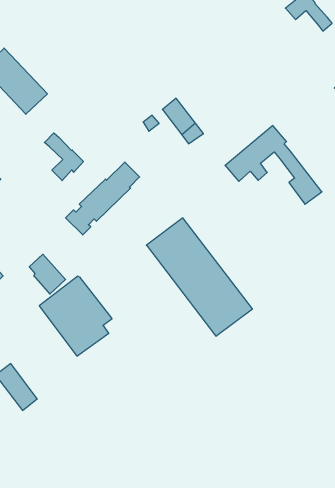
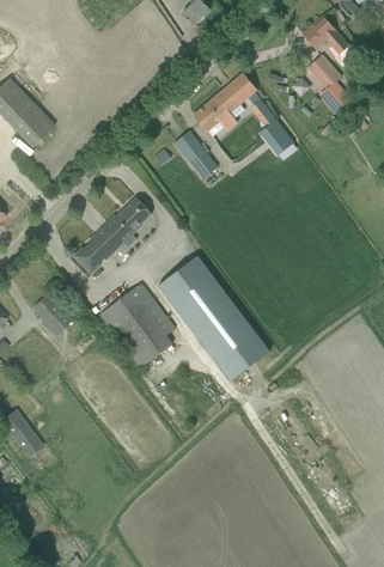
building: none -> [307,55,348,106]
building: [225,126,322,204] -> [193,73,294,156]
building: [44,133,83,181] -> none
building: [39,276,112,356] -> [99,284,176,367]

